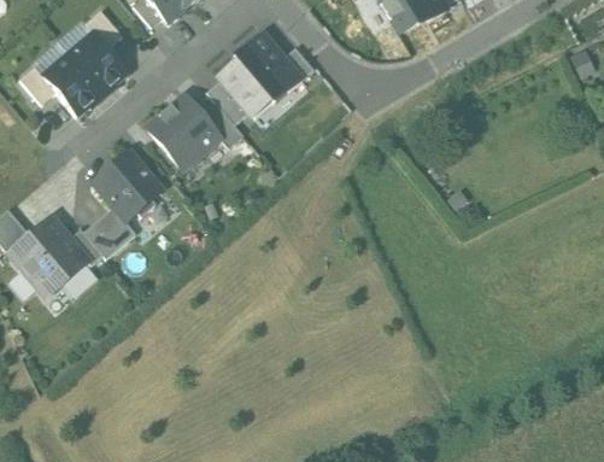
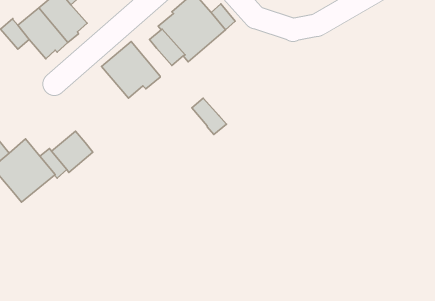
building: [199,103,242,148] -> [192,98,226,135]
building: [92,151,162,221] -> none

